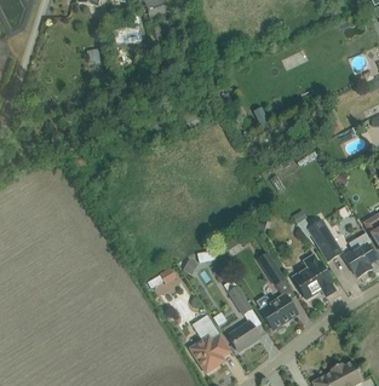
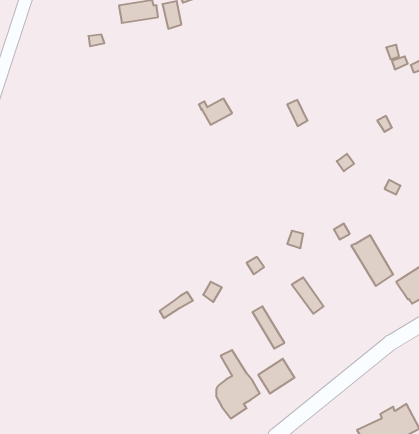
building: [293,254,335,298] -> none
building: [255,295,297,329] -> none

